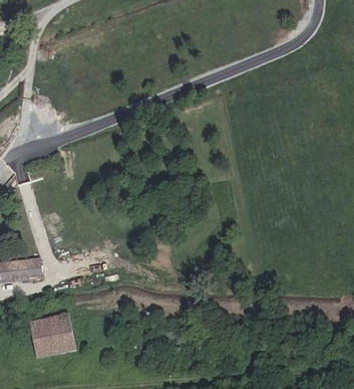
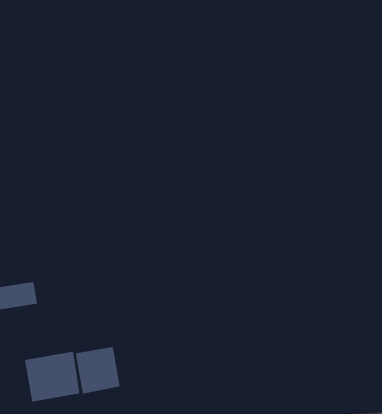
building: none -> [75,346,120,394]

